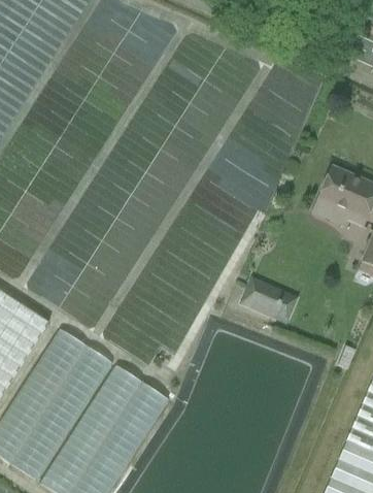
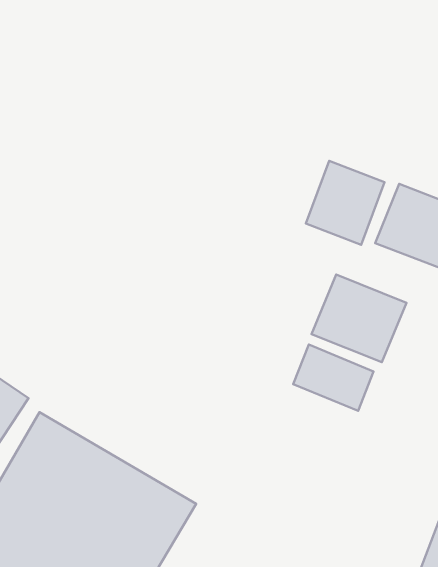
building: none -> [306,161,384,245]
building: none -> [312,275,407,362]

